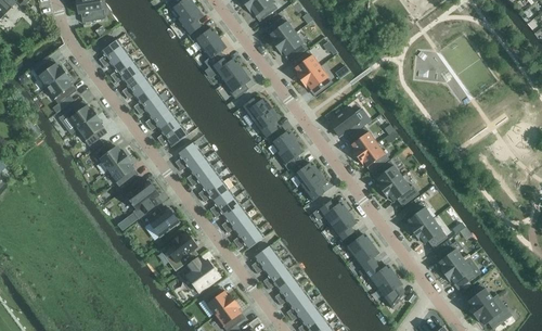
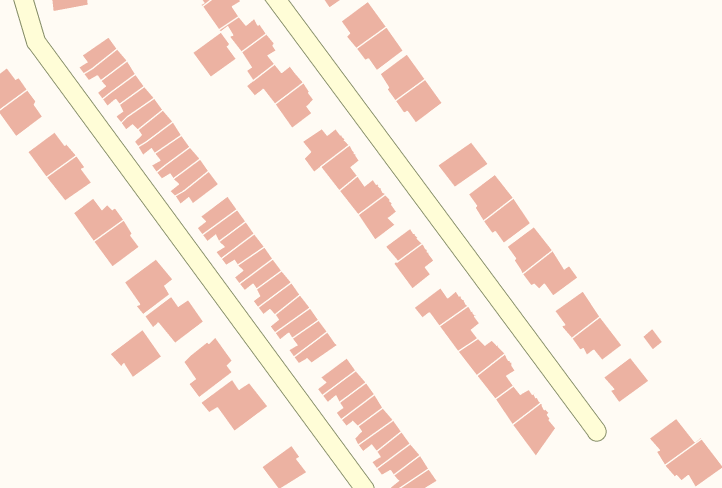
building: none -> [192,32,237,77]
building: none -> [110,324,162,378]
building: [444,259,476,289] -> none
building: [204,285,235,315] -> none

